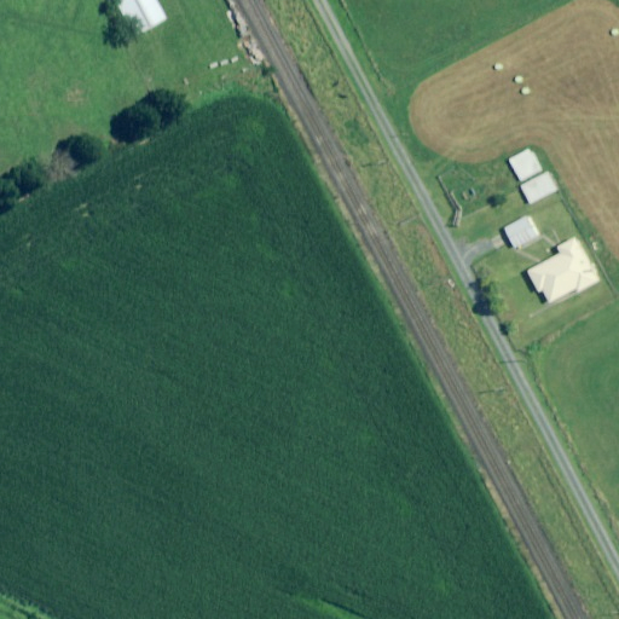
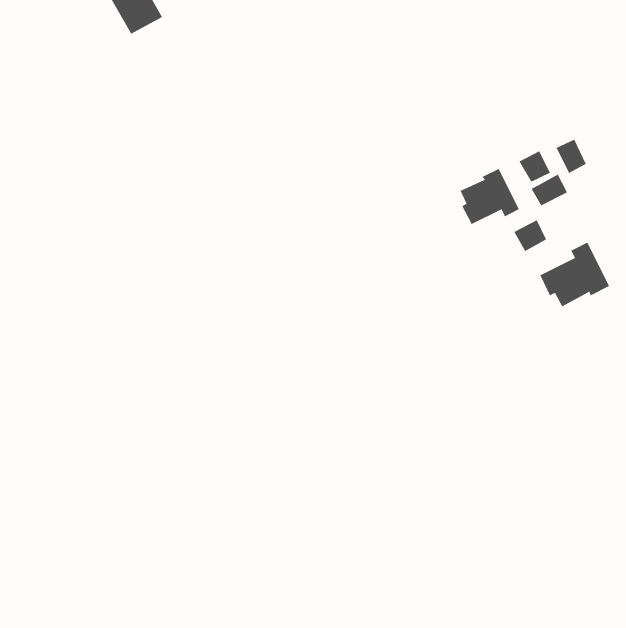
building: none -> [556,139,587,174]
building: none -> [460,168,520,225]

